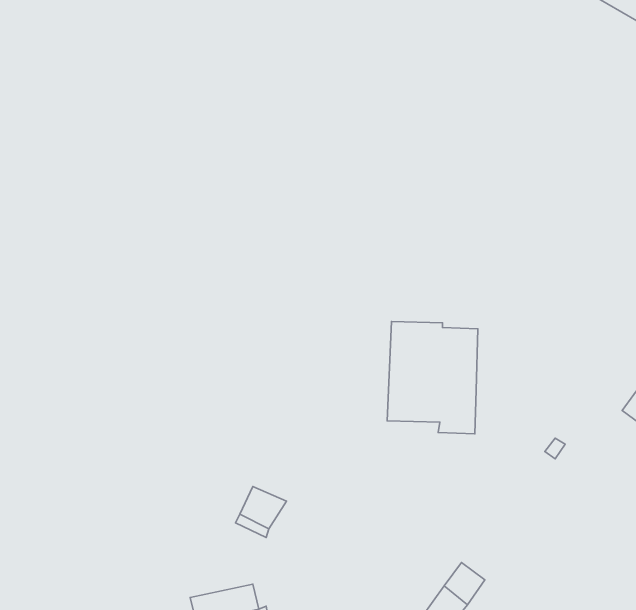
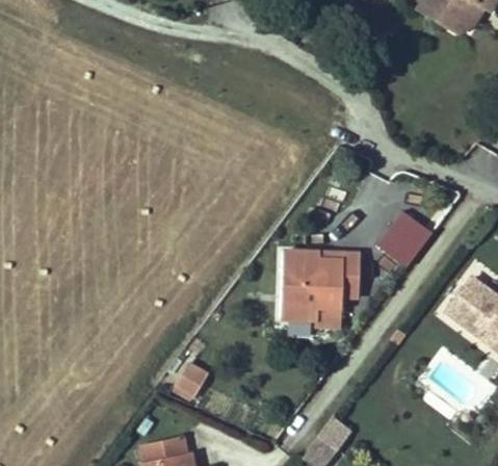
building: none -> [376,210,431,267]
building: none -> [320,249,362,296]

